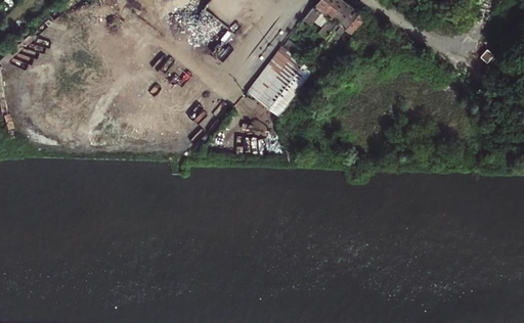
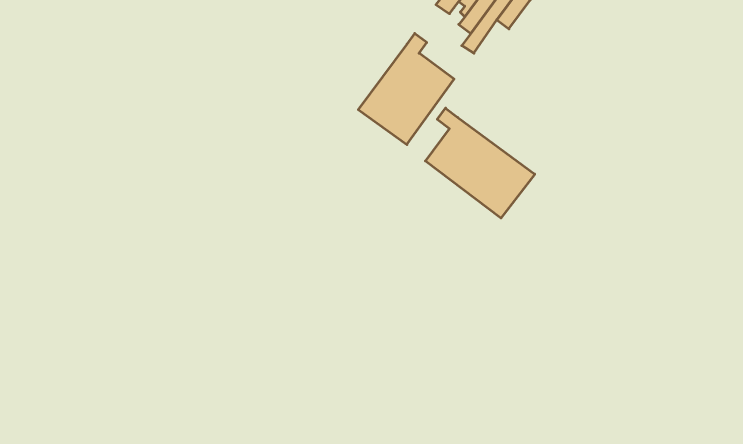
building: none -> [425,108,535,218]

